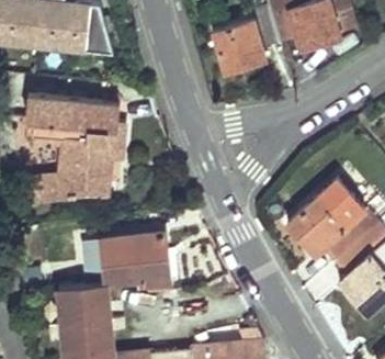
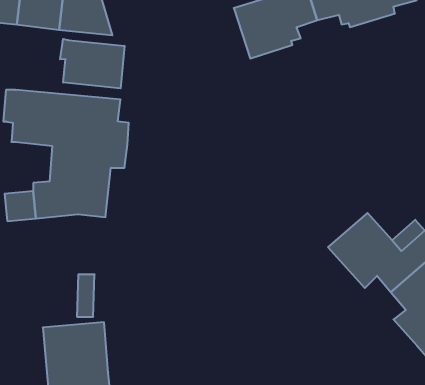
building: none -> [60,39,124,88]
building: [101,235,169,287] -> none

